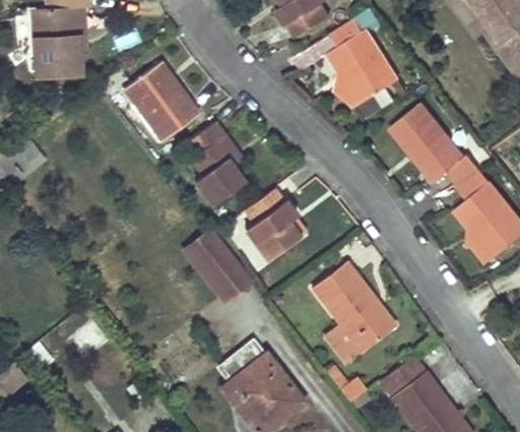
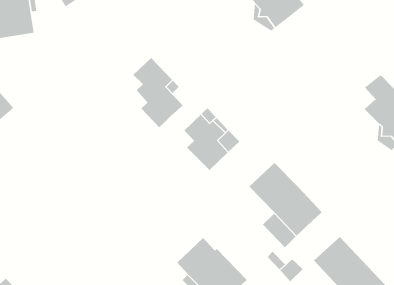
building: [125,61,200,140] -> none
building: [395,105,481,185] -> none
building: [186,231,255,305] -> none

